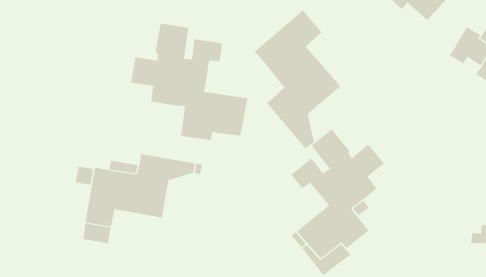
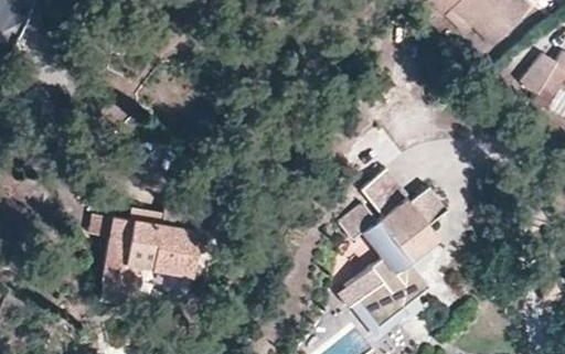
building: [254,10,341,149] -> none
building: [130,23,248,141] -> none

